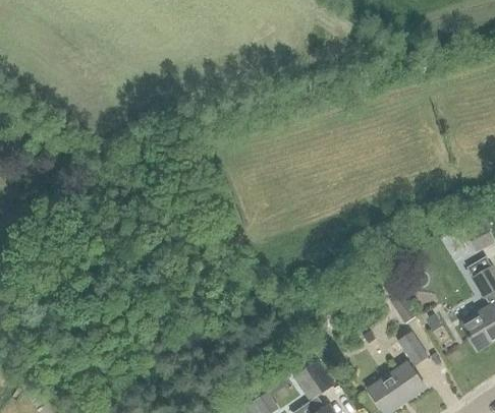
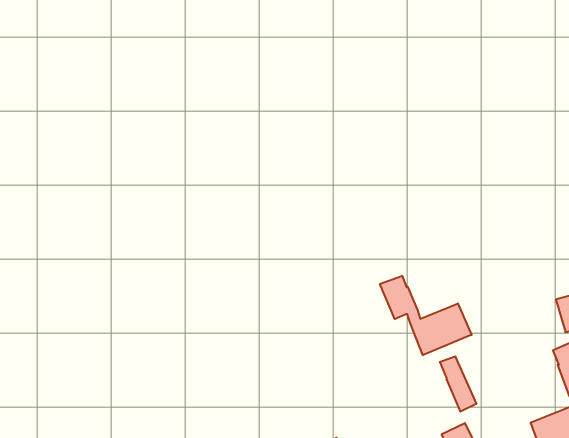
building: none -> [380,276,472,355]

